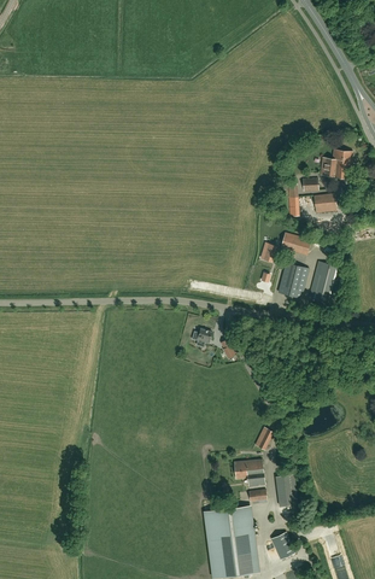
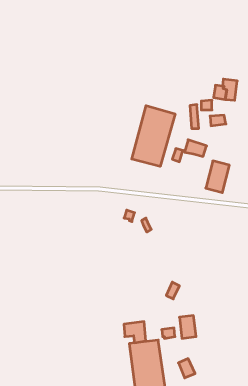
building: none -> [132,106,175,166]
building: [279,262,310,298] -> none
building: [235,458,265,487] -> [124,322,146,343]

